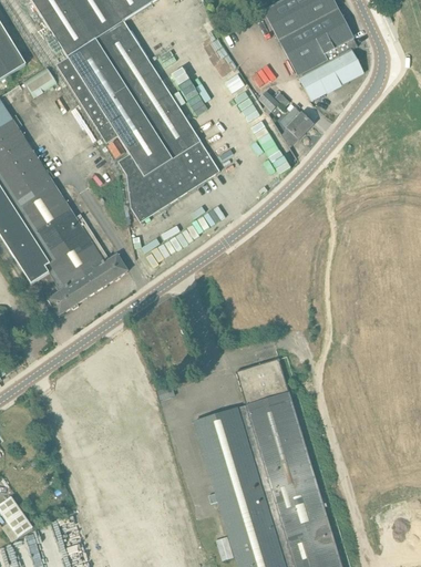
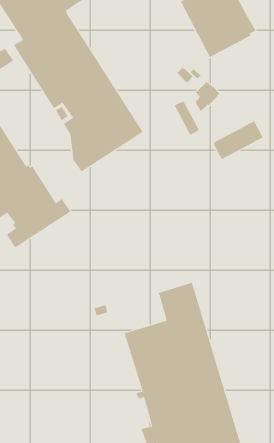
building: [300,52,363,101] -> [213,121,263,160]

